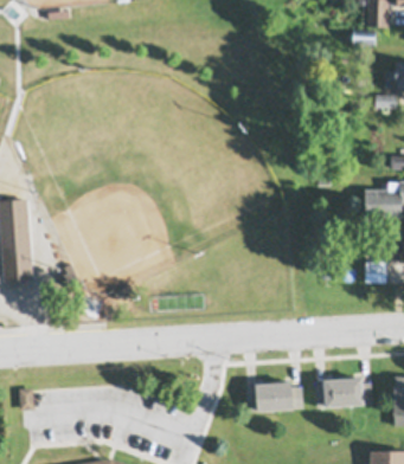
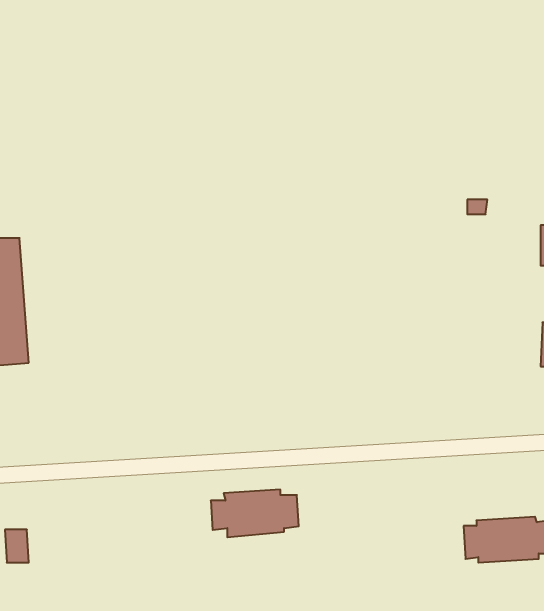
building: [246,384,303,414] -> [211,490,299,537]

